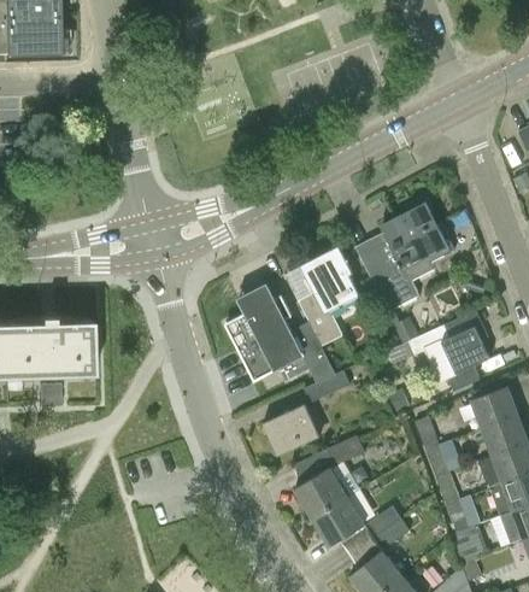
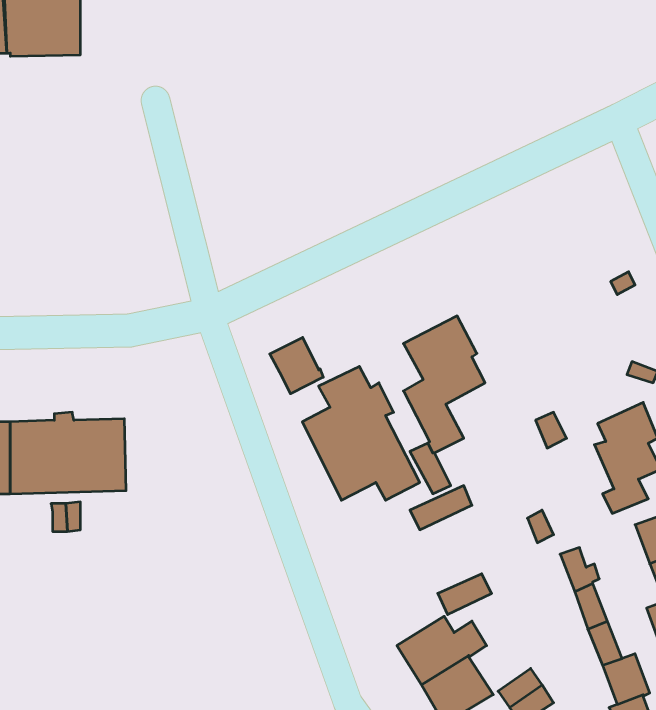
building: [354,204,454,312] -> none
building: none -> [270,337,323,394]
building: [261,404,321,457] -> none

